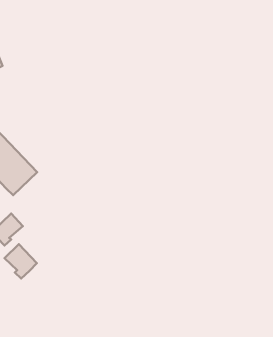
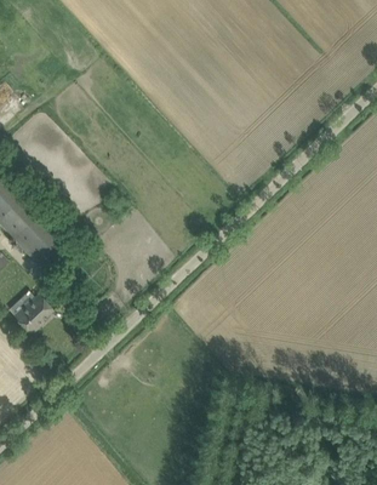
building: [4,244,37,278] -> none

